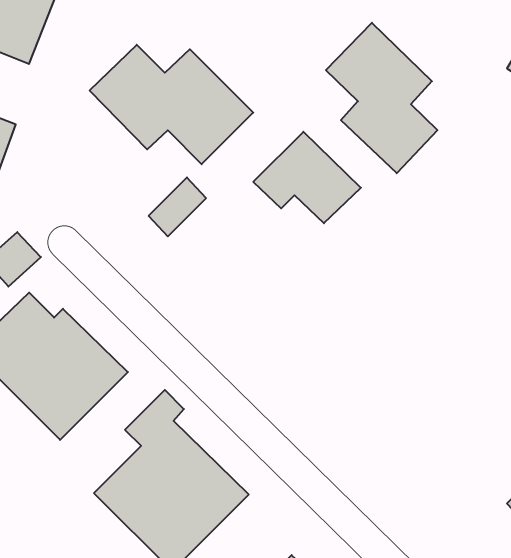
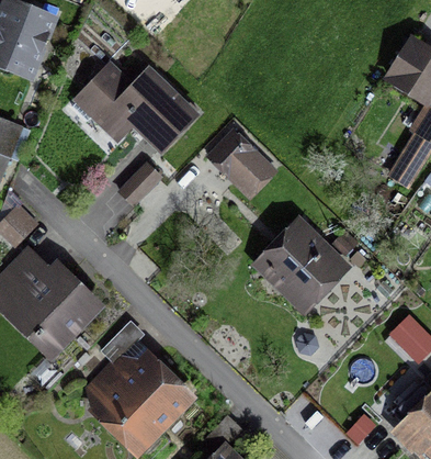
building: [326,23,437,173] -> none
building: none -> [251,215,352,315]

